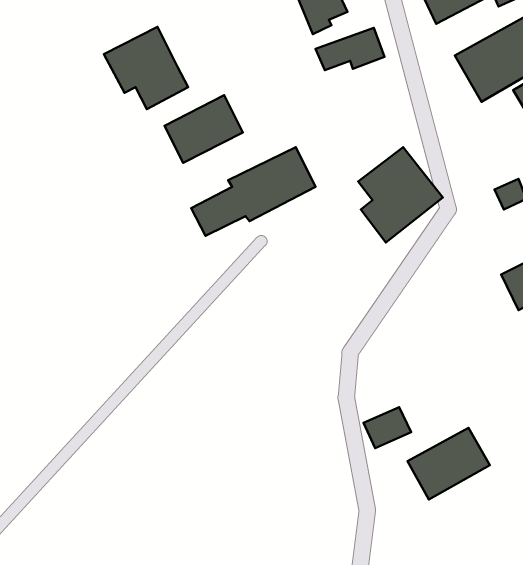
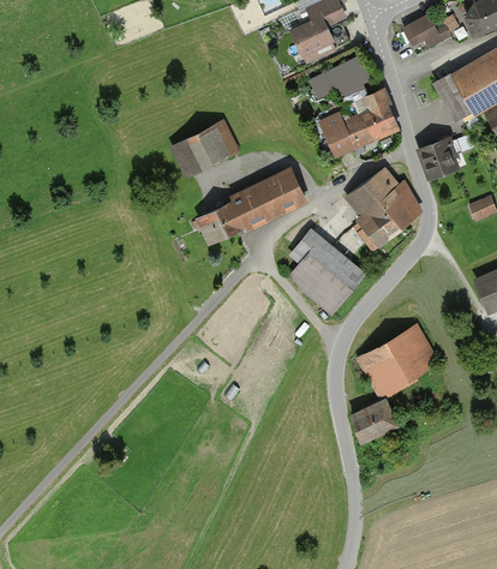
building: [104,27,188,109] -> none
building: none -> [321,88,401,156]
building: none -> [418,139,459,180]
building: none -> [289,228,364,311]
building: [408,428,490,500] -> [359,328,433,393]

